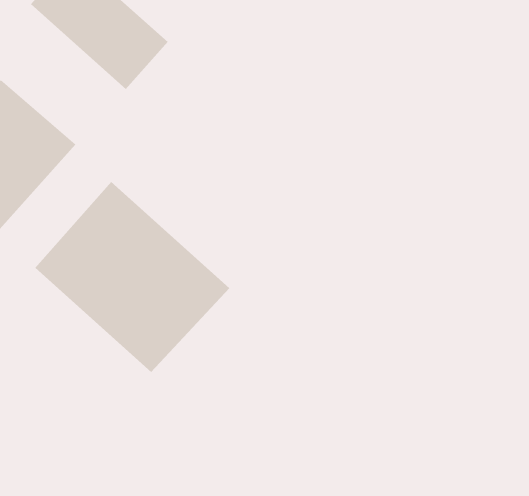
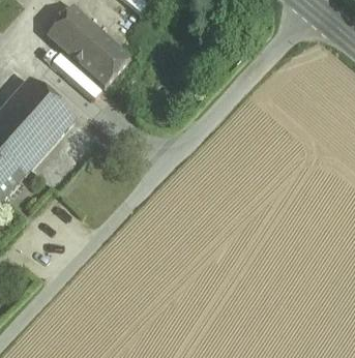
building: [34,181,230,373] -> none

